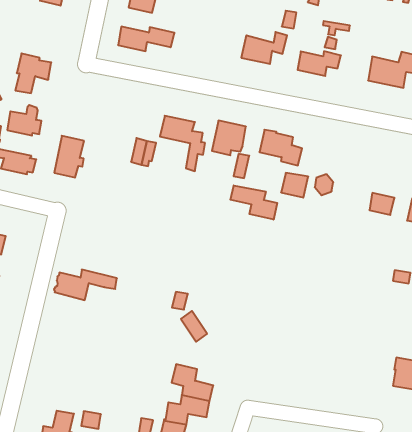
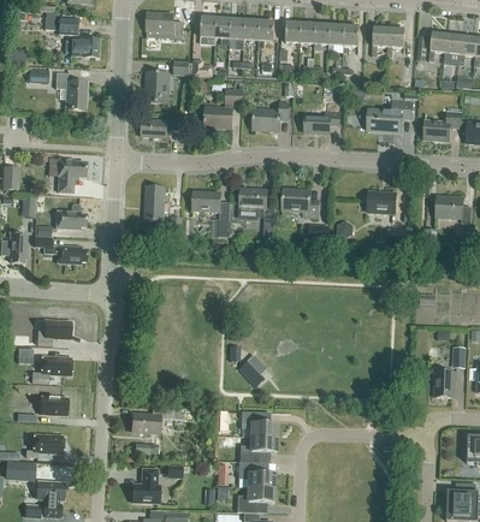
building: none -> [205,89,242,127]
building: [54,136,84,178] -> [144,185,168,220]
building: none -> [368,191,396,212]
building: [230,185,277,220] -> none
building: [54,270,117,300] -> [130,407,184,433]

